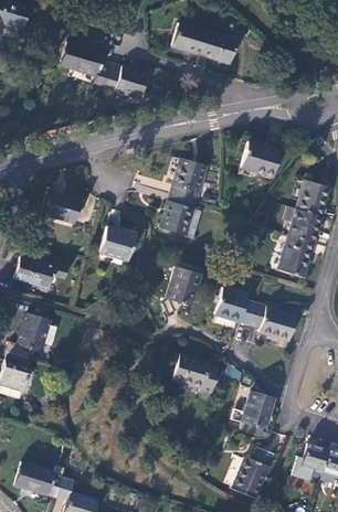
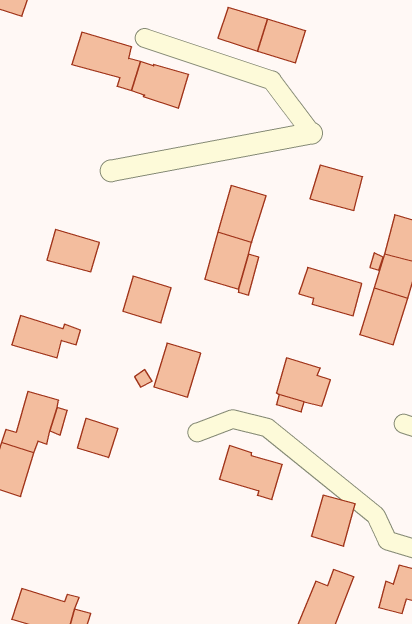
building: [165,265,200,306] -> [154,343,201,397]
building: [249,303,296,340] -> [299,267,362,316]
building: none -> [78,418,118,458]

